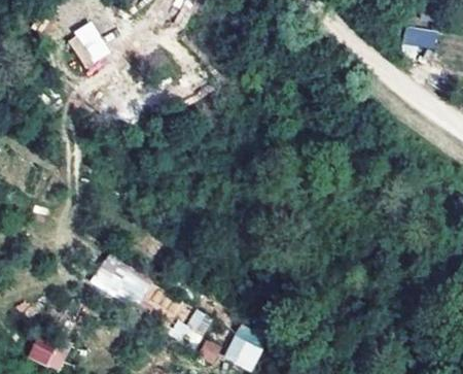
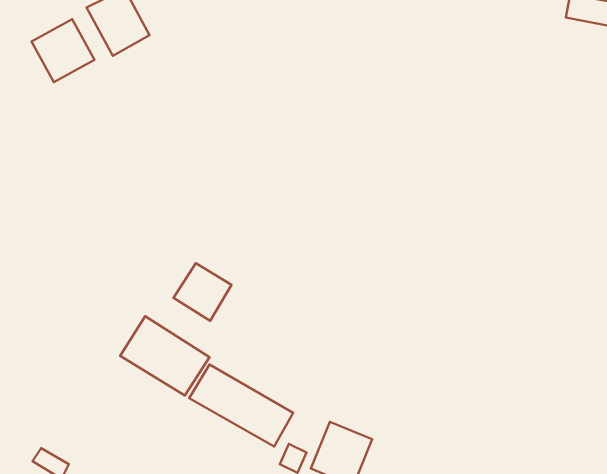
building: none -> [31,19,95,82]
building: none -> [173,263,231,321]

